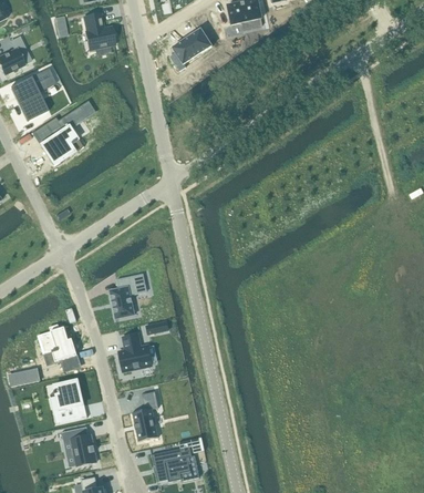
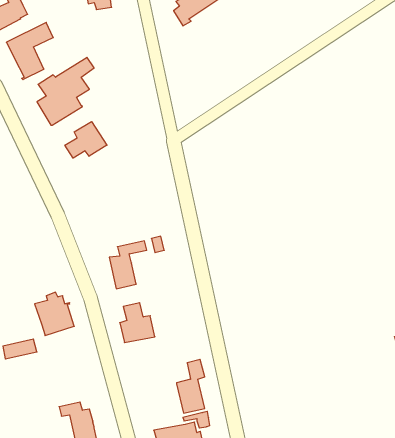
building: none -> [65,122,107,158]
building: [55,380,82,421] -> none
building: [132,391,158,442] -> [177,359,205,413]

